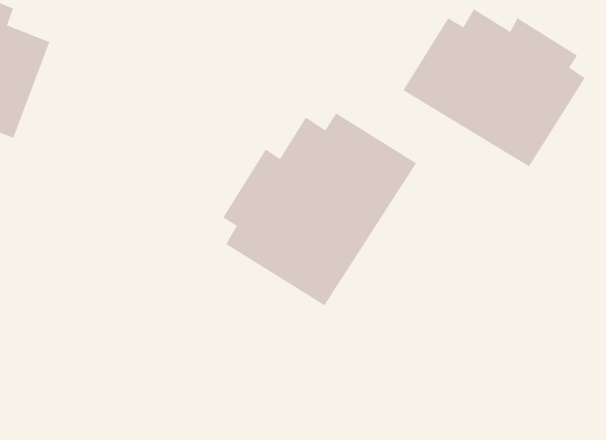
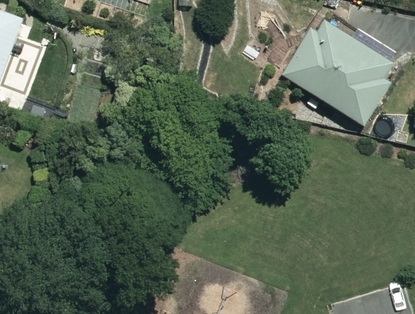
building: [222,113,417,306] -> none

